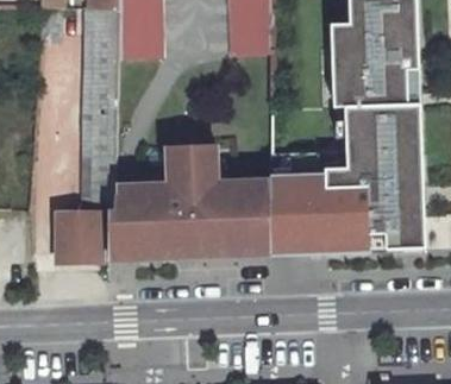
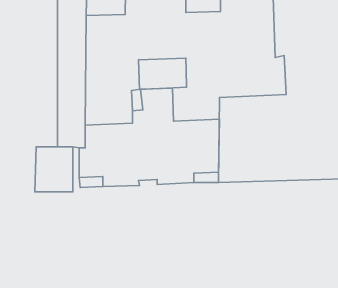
building: none -> [139,58,187,89]

